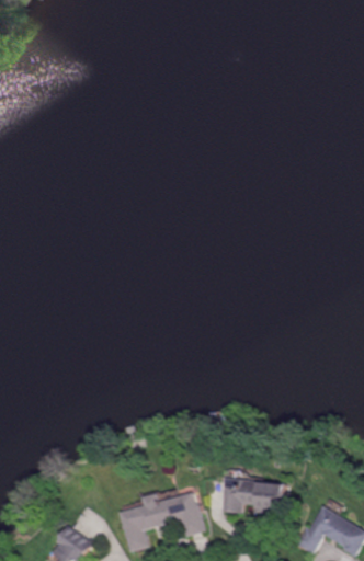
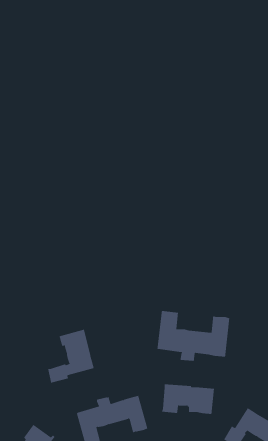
building: none -> [157,310,230,362]
building: none -> [47,329,95,384]

